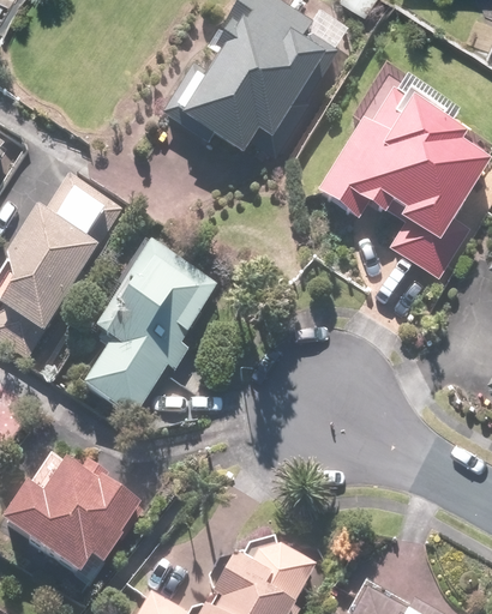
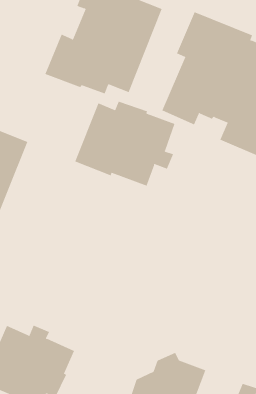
building: none -> [75,101,175,187]
building: [80,242,215,417] -> none

